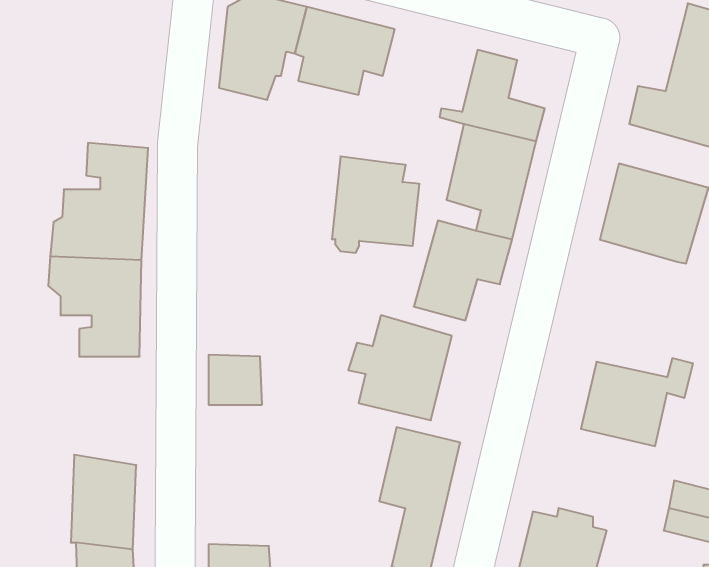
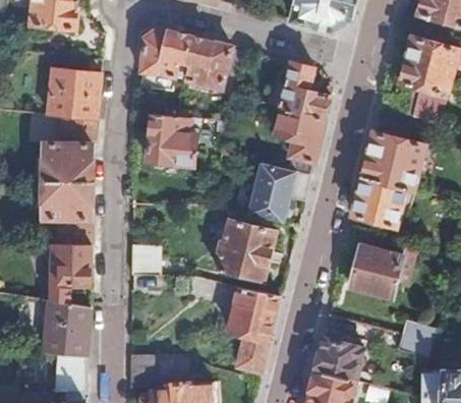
building: none -> [49,71,99,121]
building: [332,156,420,253] -> [145,112,196,169]
building: none -> [352,175,407,227]
building: none -> [49,244,90,288]

